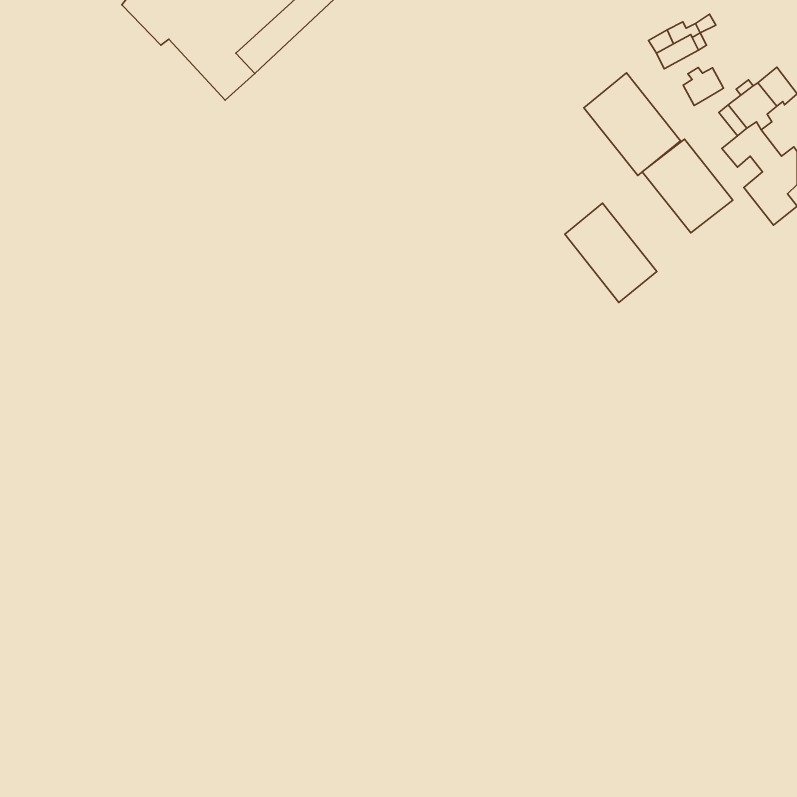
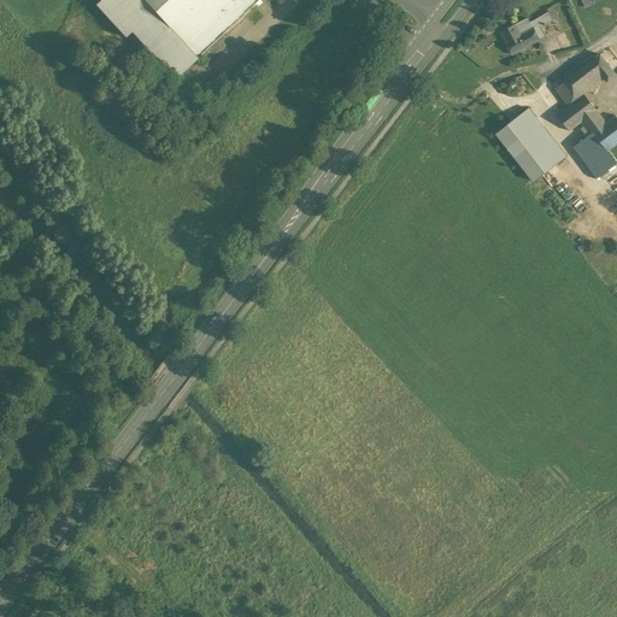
building: [683,67,724,105] -> none
building: [584,73,681,176] -> none
building: [565,203,657,302] -> none

